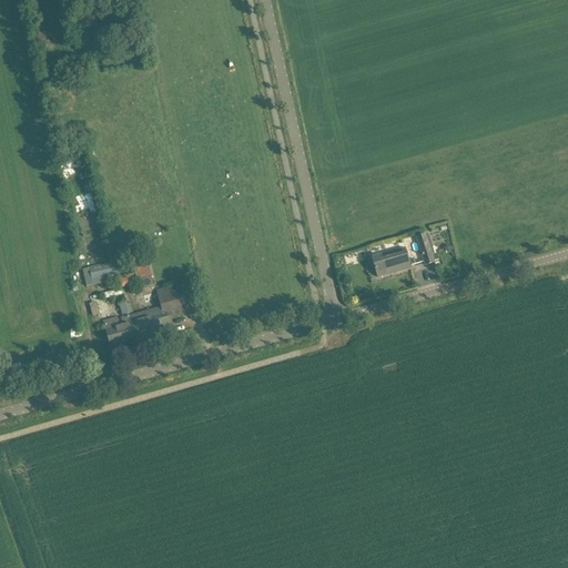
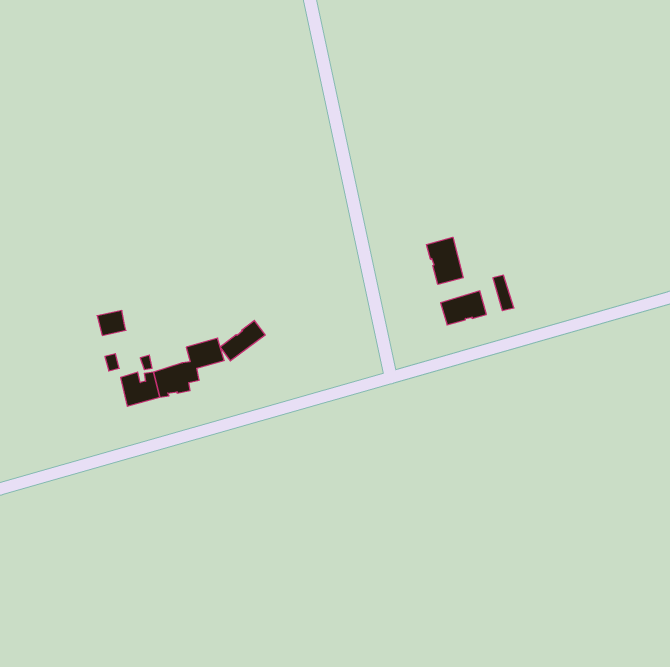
building: none -> [426,237,463,284]
building: none -> [220,320,265,361]

